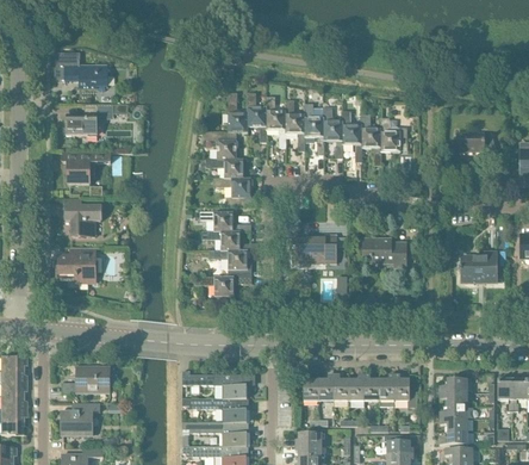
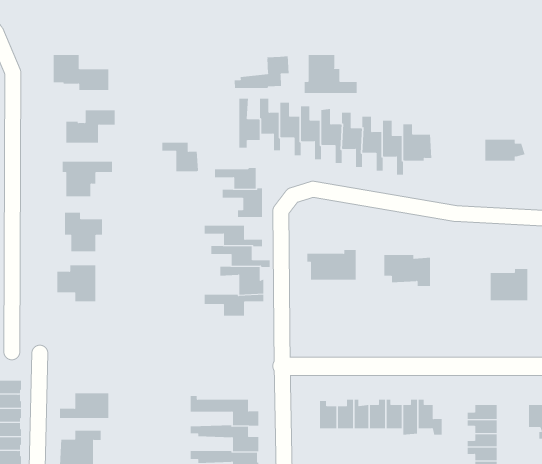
building: none -> [304,54,357,94]
building: none -> [234,56,289,89]
building: [203,131,237,159] -> [162,142,199,172]

